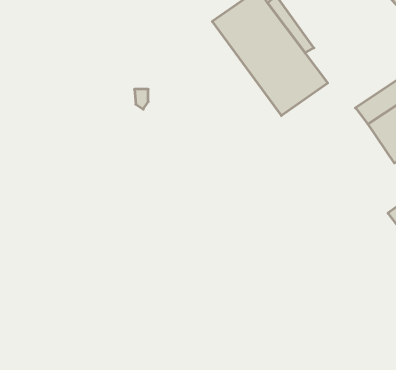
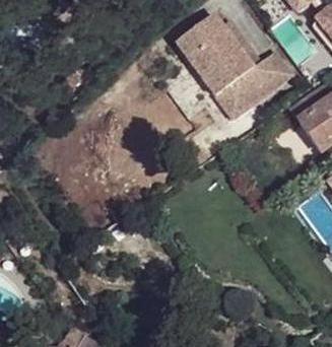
building: none -> [250,46,290,86]

